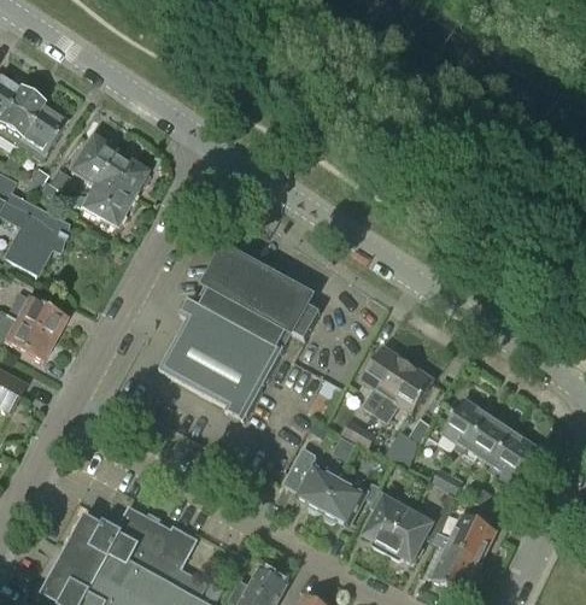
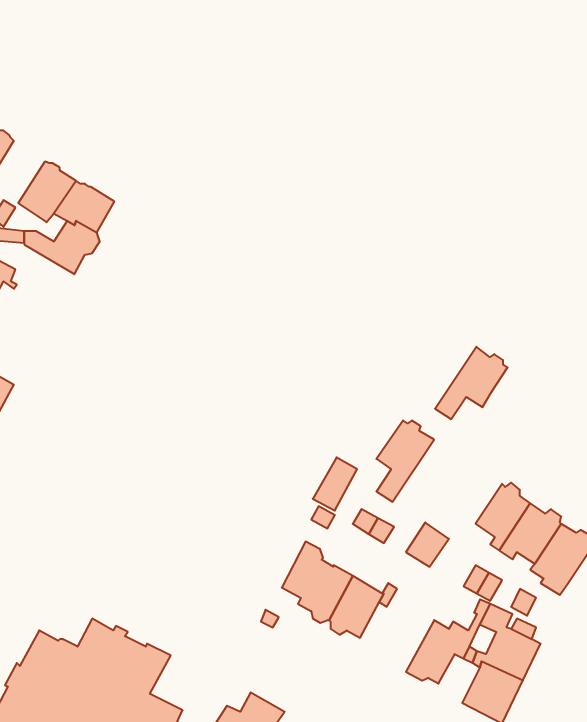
building: [158,247,320,418] -> none
building: [374,362,433,421] -> [435,347,508,419]
building: [363,486,408,551] -> none

